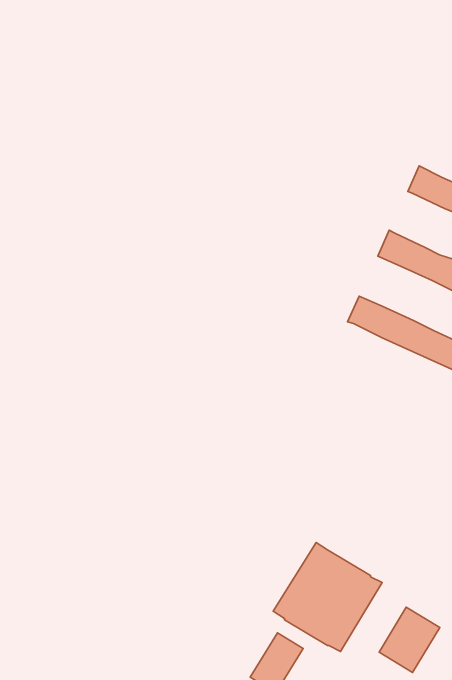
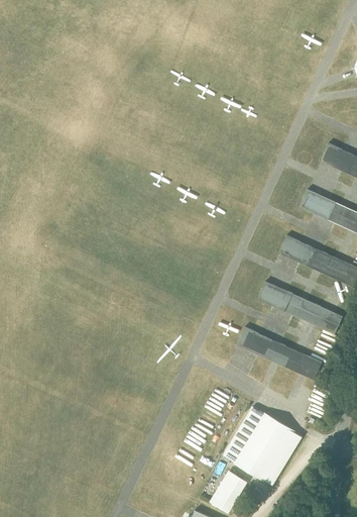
building: none -> [257,281,343,333]
building: none -> [237,326,322,380]
building: [379,607,440,672] -> none

